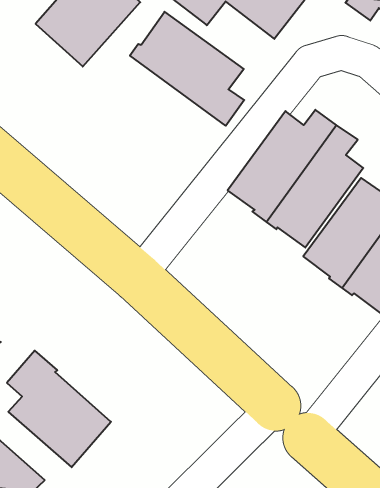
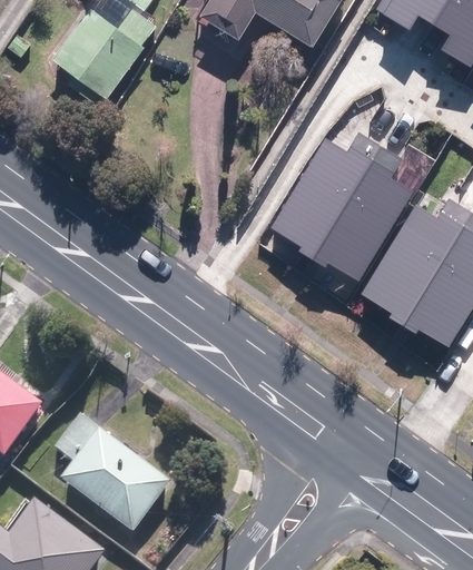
building: [130,12,244,126] -> none

